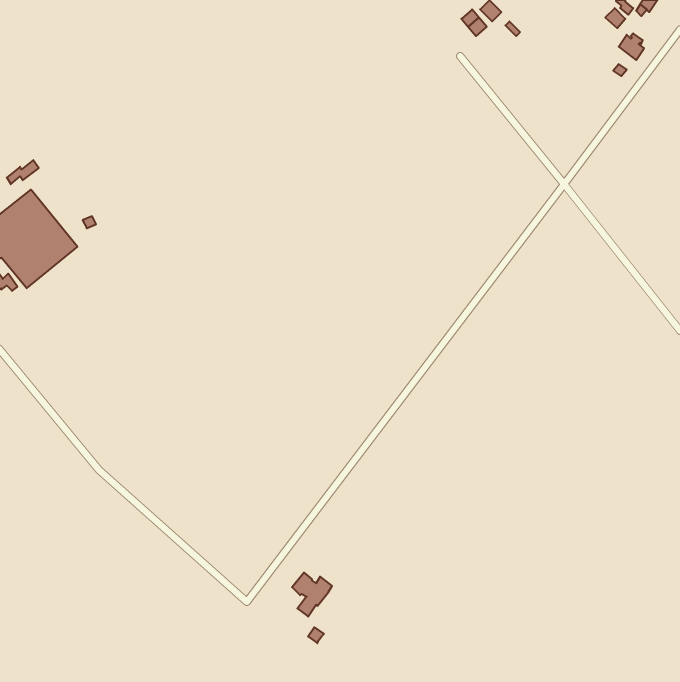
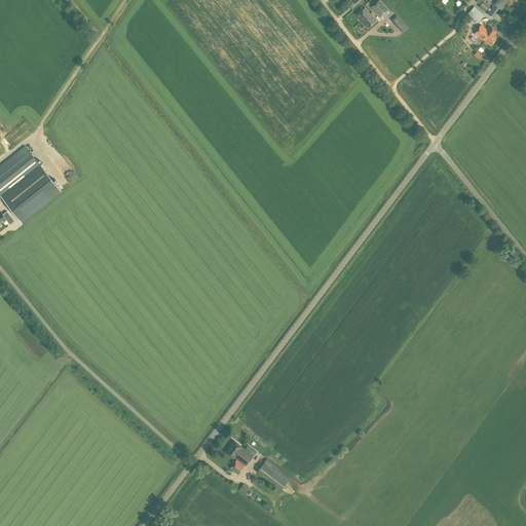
building: none -> [256,458,290,490]

